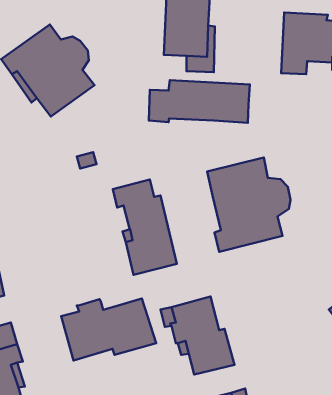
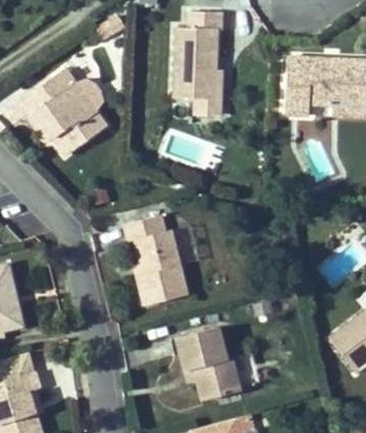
building: [149,80,250,123] -> none
building: [207,158,291,252] -> none
building: [61,298,156,360] -> none

